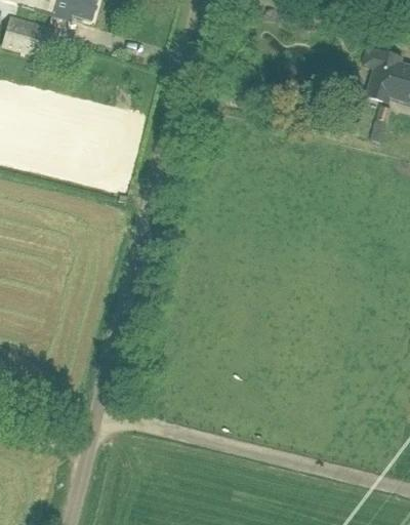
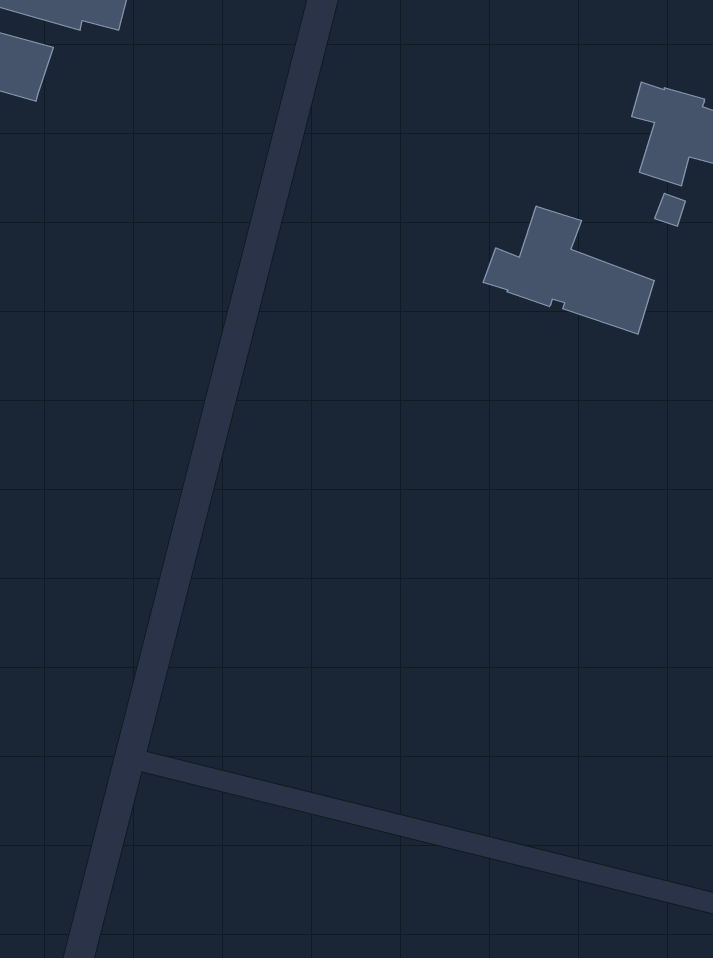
building: none -> [483,206,654,334]

